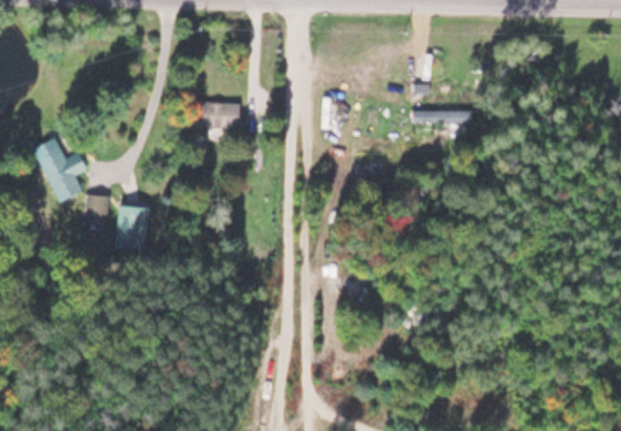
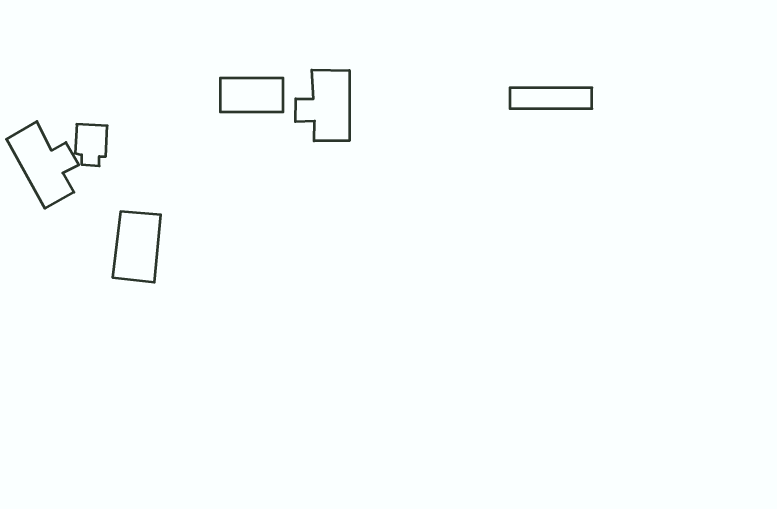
building: none -> [295,70,349,141]
building: [86,194,110,226] -> [75,124,107,166]

